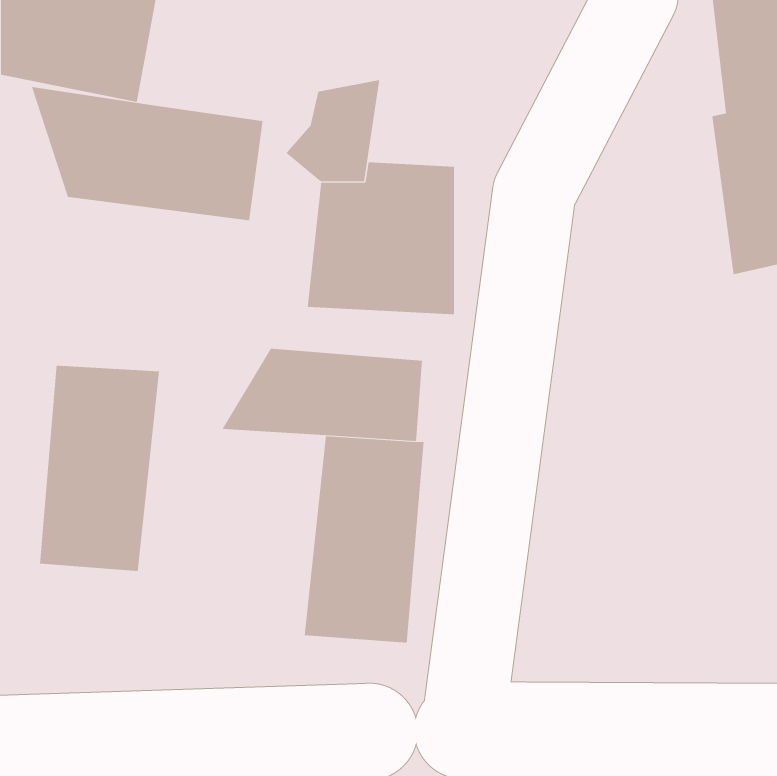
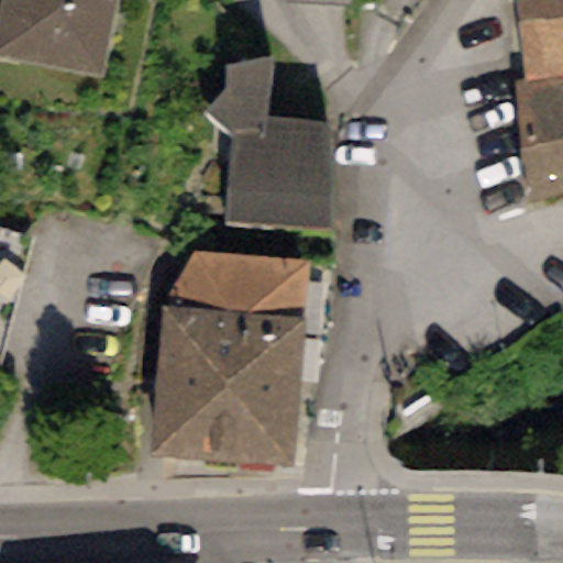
building: [31,86,263,221] -> none
building: [39,365,160,571] -> [150,309,236,457]

